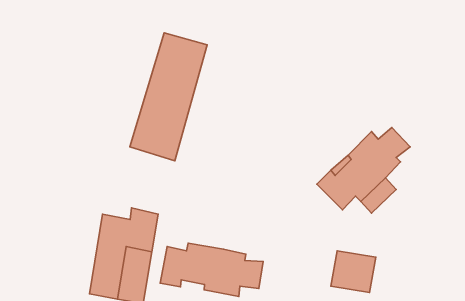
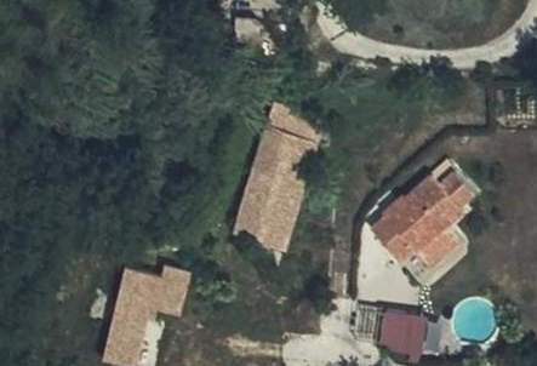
building: [130,33,207,161] -> [235,107,322,251]
building: [160,243,263,296] -> none

